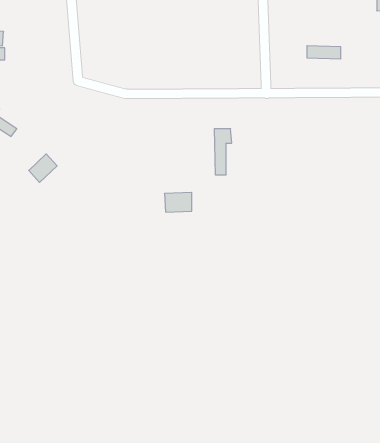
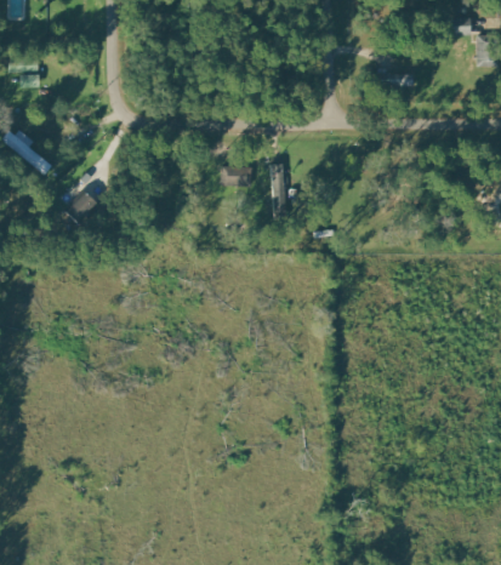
building: [164,192,192,212] -> [221,165,251,187]

